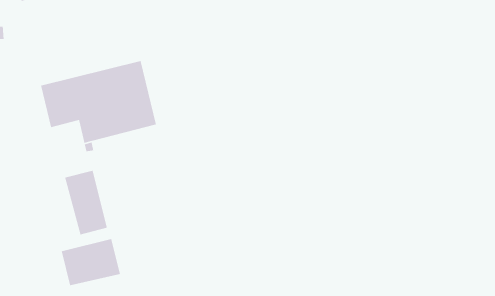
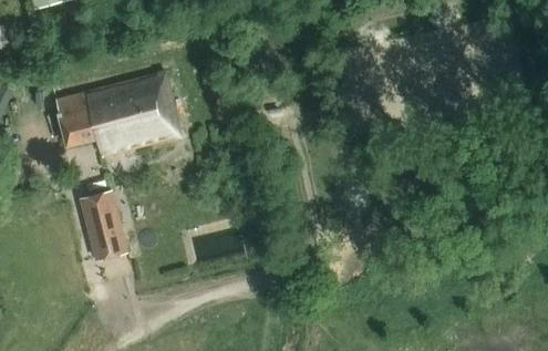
building: [61,238,121,286] -> none

